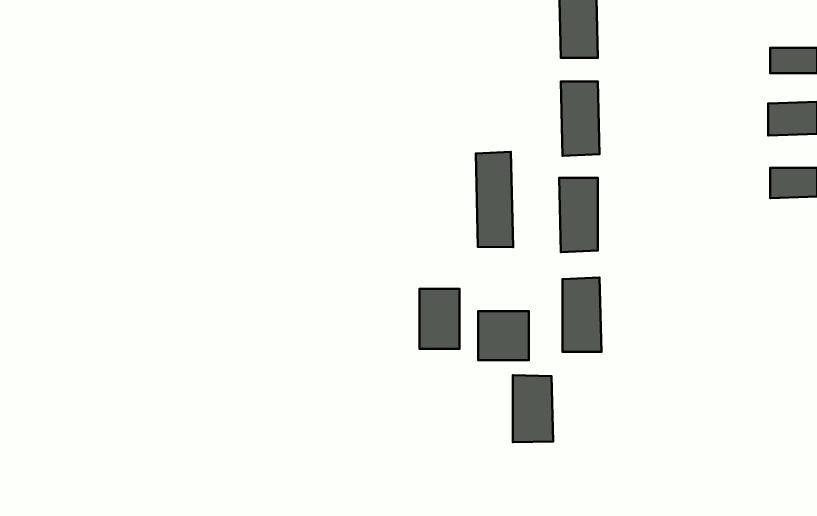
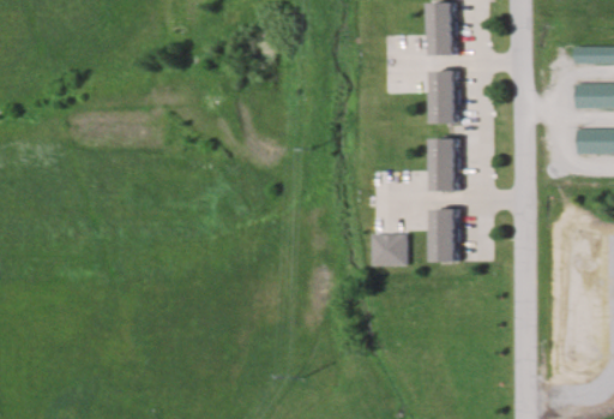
building: [476,152,513,247] -> none
building: [420,289,459,349] -> none
building: [513,375,553,442] -> none

